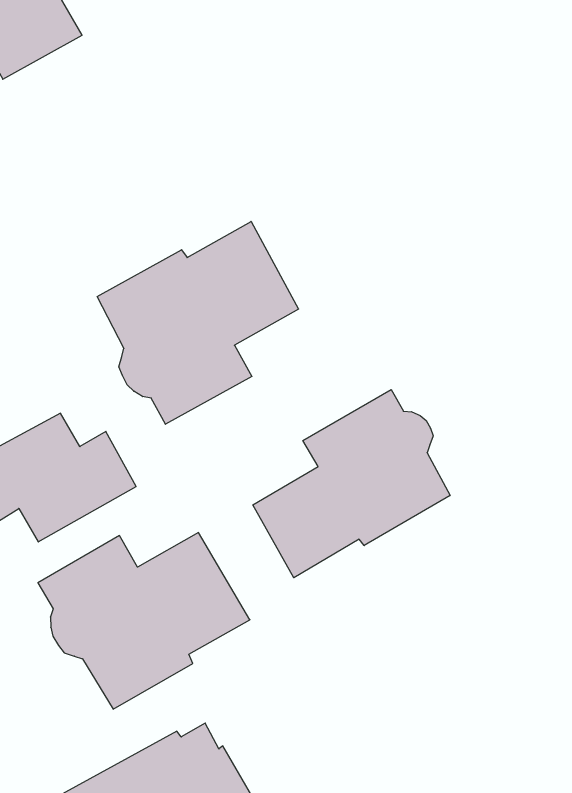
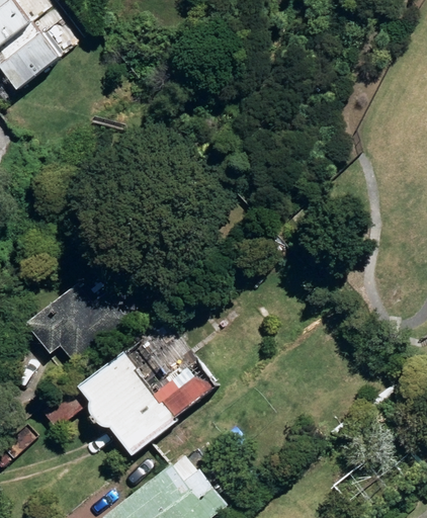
building: [97,221,299,424] -> none
building: [253,390,450,578] -> none

